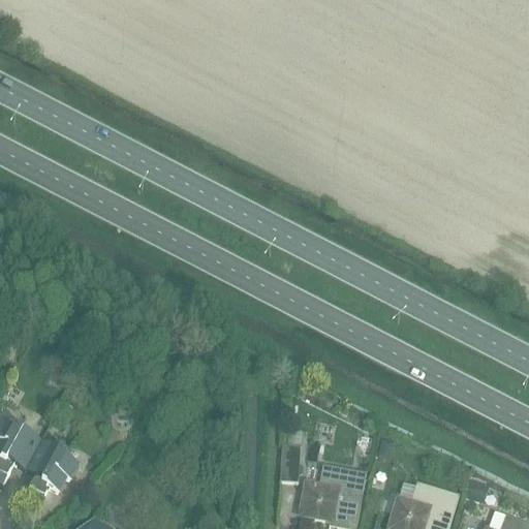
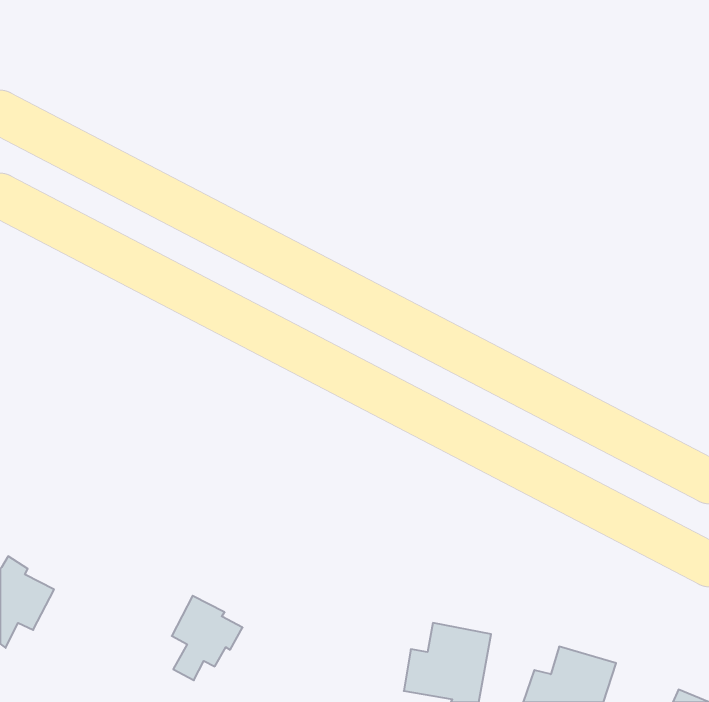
building: [25,439,77,502] -> [172,596,243,680]
building: [280,444,300,481] -> none

